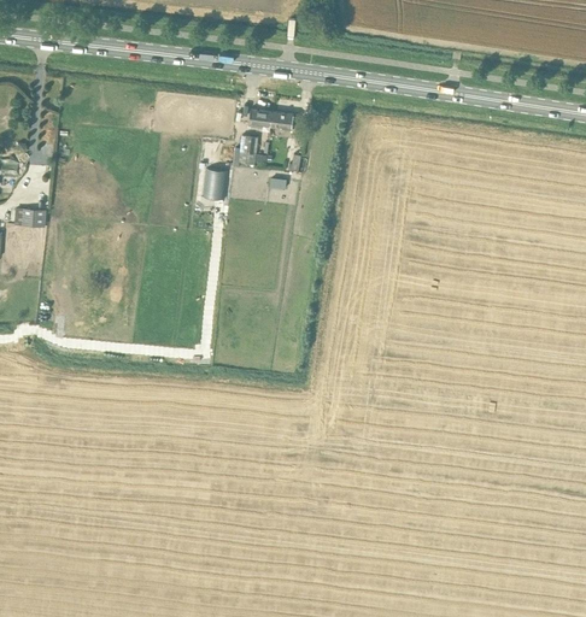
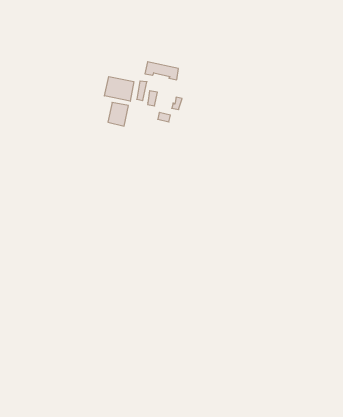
building: none -> [104,77,134,101]

